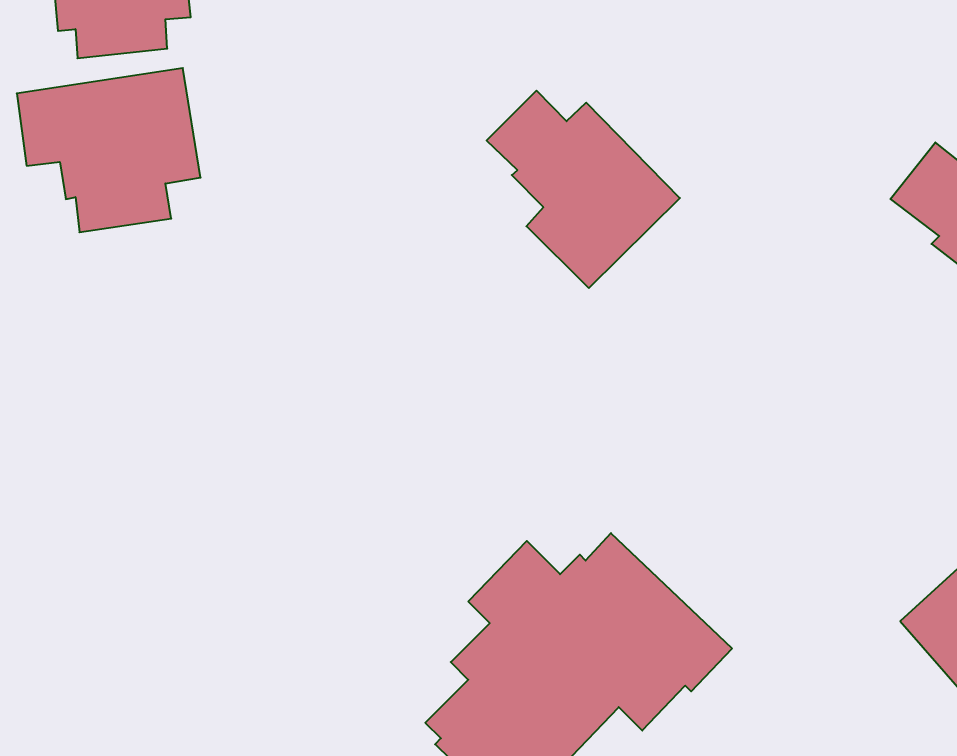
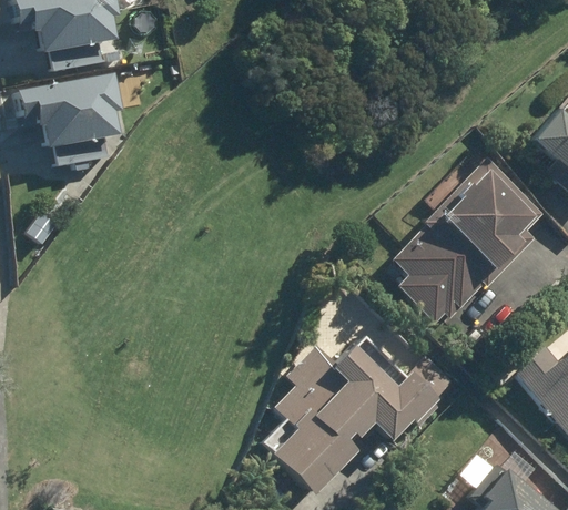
building: [487,91,680,288] -> none
building: none -> [388,156,547,326]

